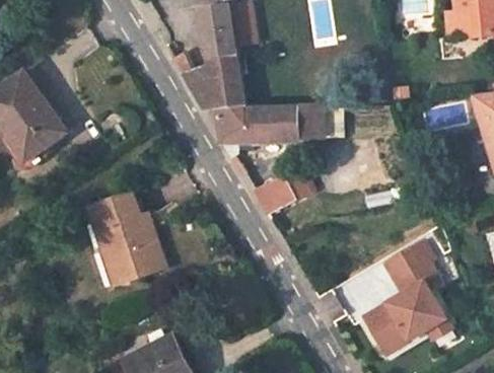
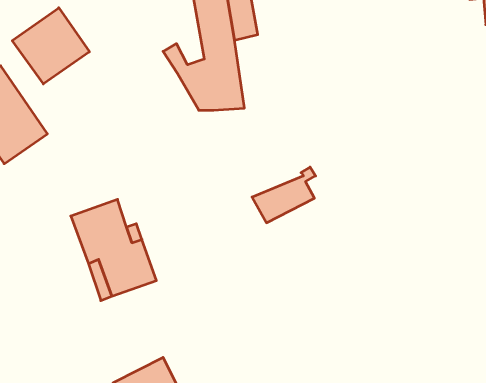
building: none -> [12,8,89,84]
building: [217,103,324,143] -> none
building: [361,241,449,354] -> none

